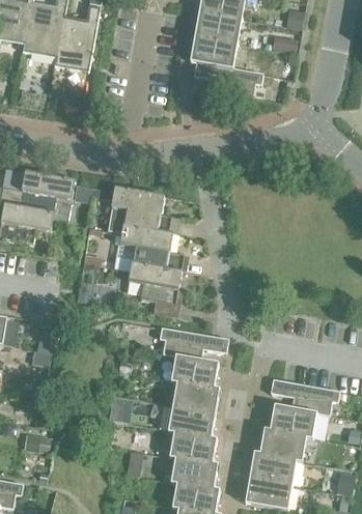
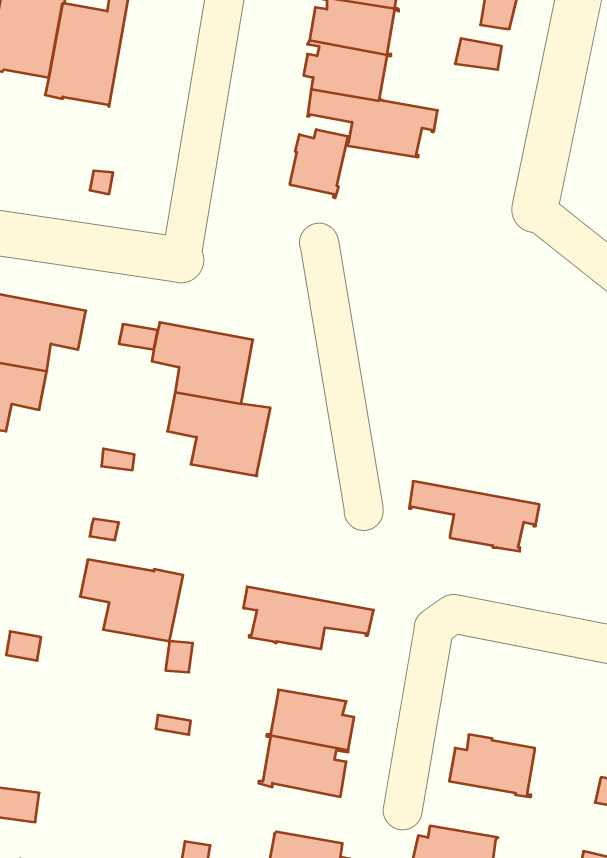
building: none -> [290,129,348,198]
building: [127,261,182,305] -> [80,560,183,641]
building: [170,355,217,388] -> none
building: [270,378,339,416] -> [409,481,539,551]
building: [258,430,304,462] -> none
building: [168,431,215,463] -> none

